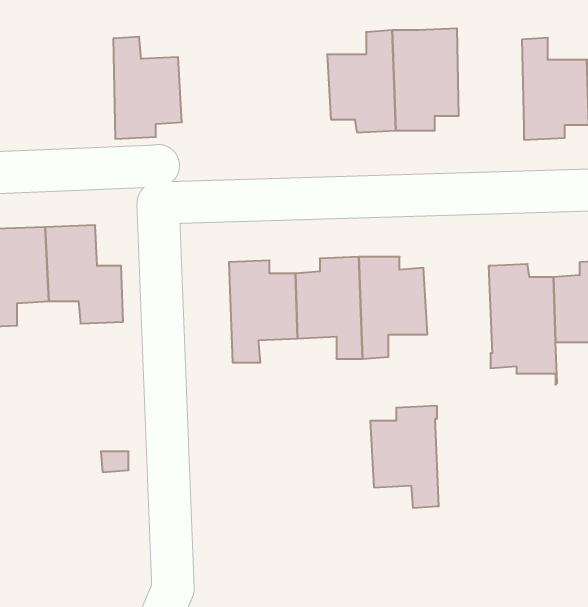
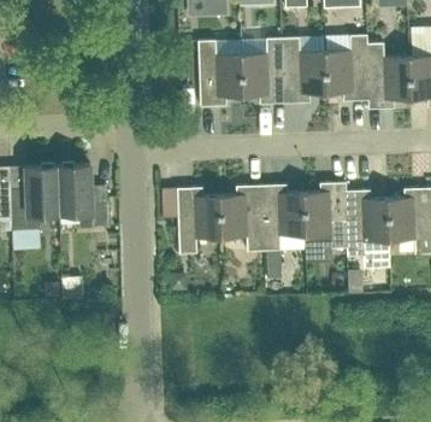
building: none -> [324,35,367,101]
building: [113,37,182,139] -> [197,40,242,106]
building: [370,406,439,508] -> [302,182,347,248]

